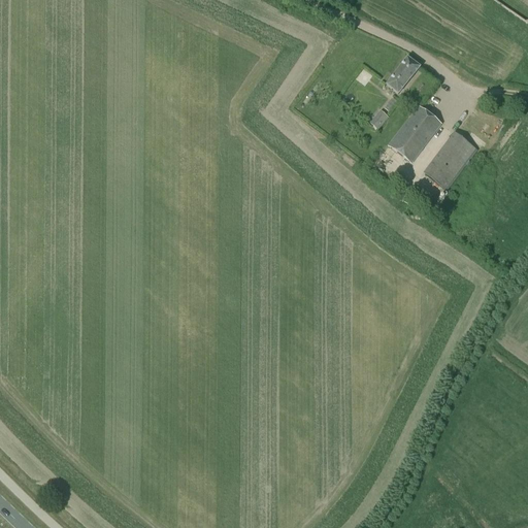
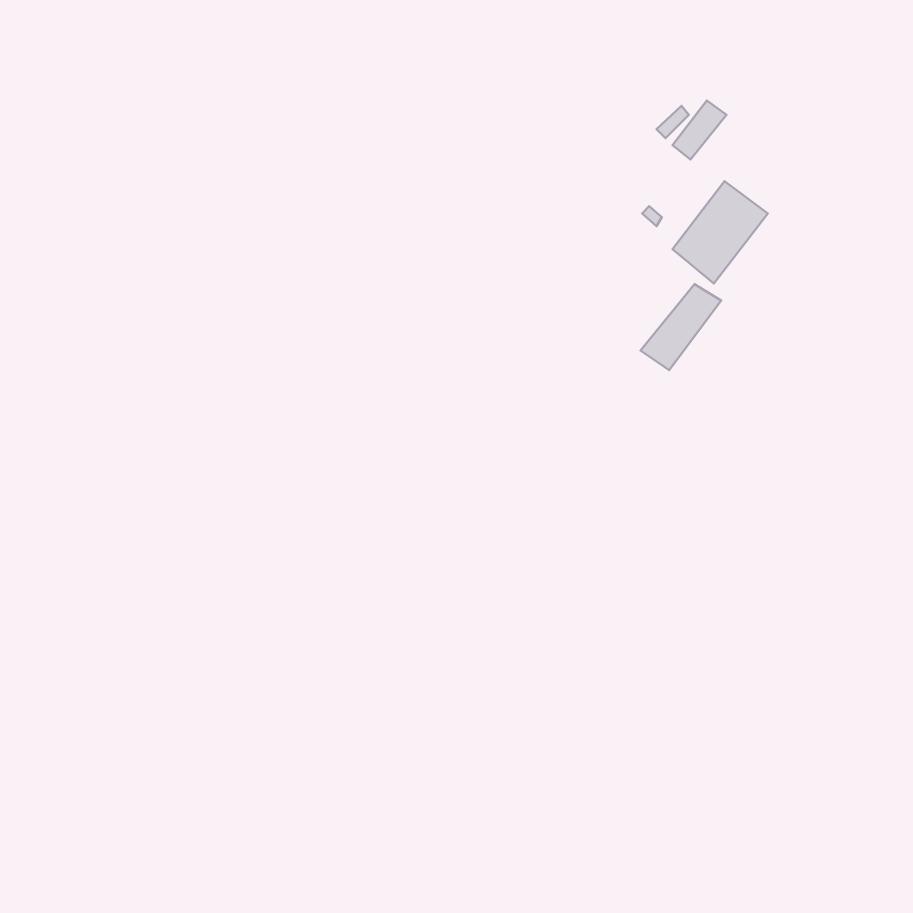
building: [425,135,471,185] -> [641,284,721,370]

